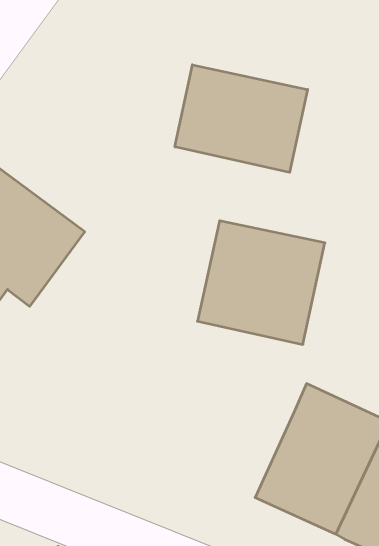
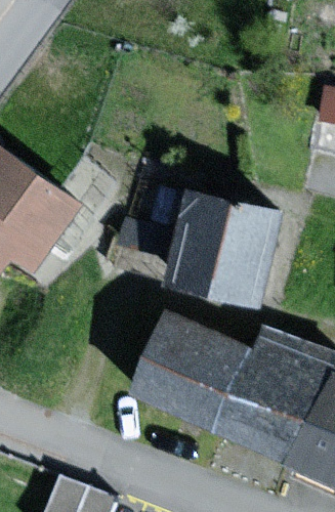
building: [175,65,308,172] -> none
building: none -> [138,321,253,430]

